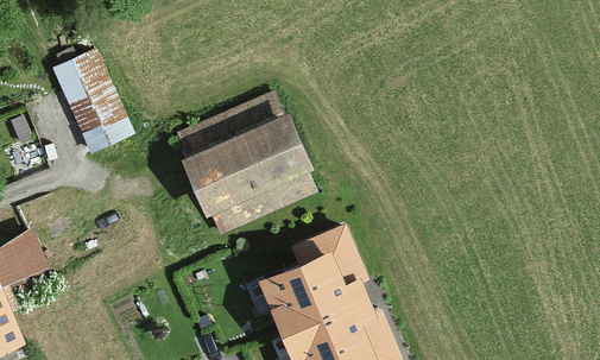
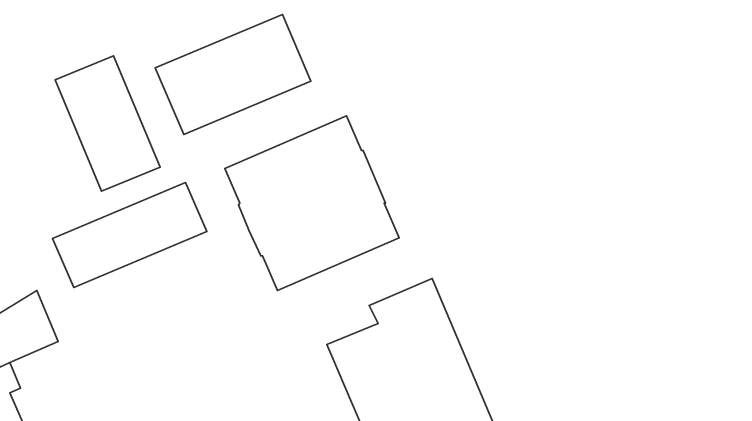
building: none -> [155,15,311,135]
building: none -> [53,183,207,287]

